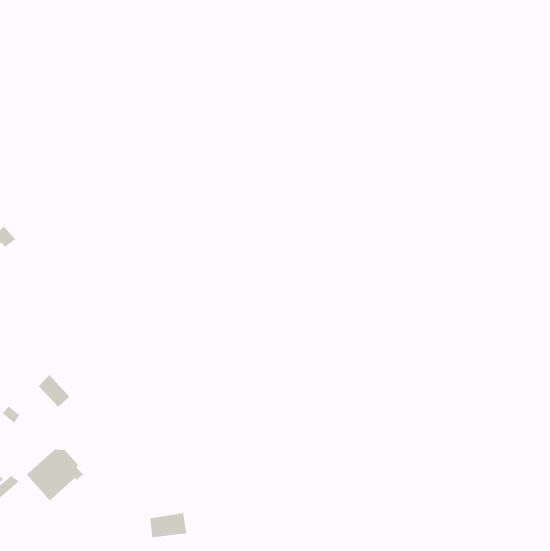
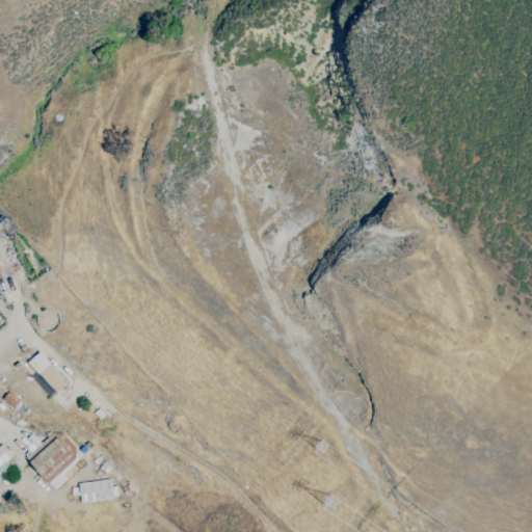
building: [149,512,187,538] -> [78,478,114,503]

